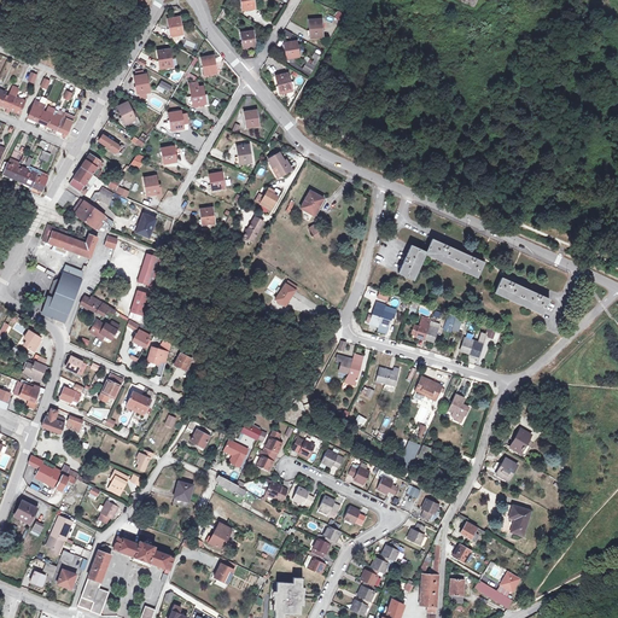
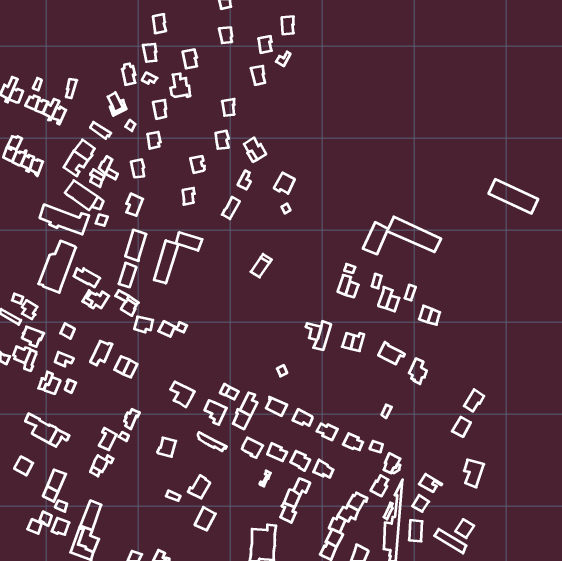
building: none -> [154,232,202,283]
building: [495,276,549,314] -> [489,179,538,213]
building: [113,535,175,582] -> none

